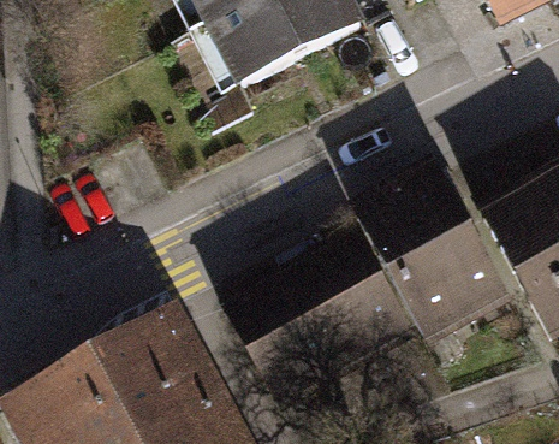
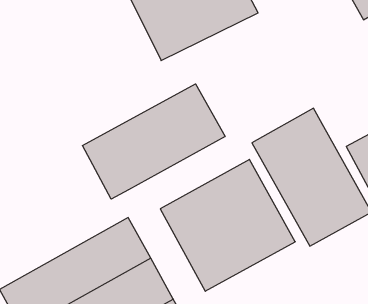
building: none -> [82,84,225,199]

